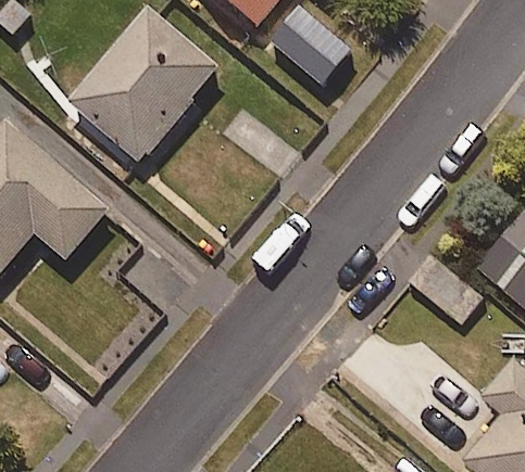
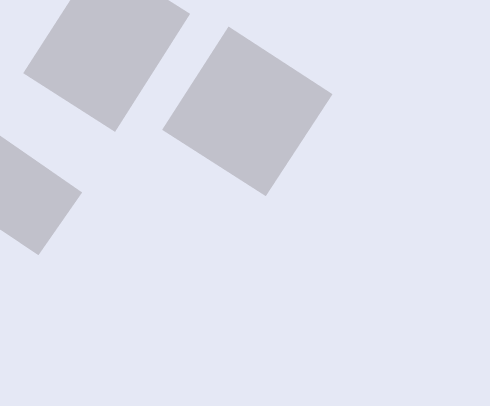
building: none -> [161,25,333,197]

